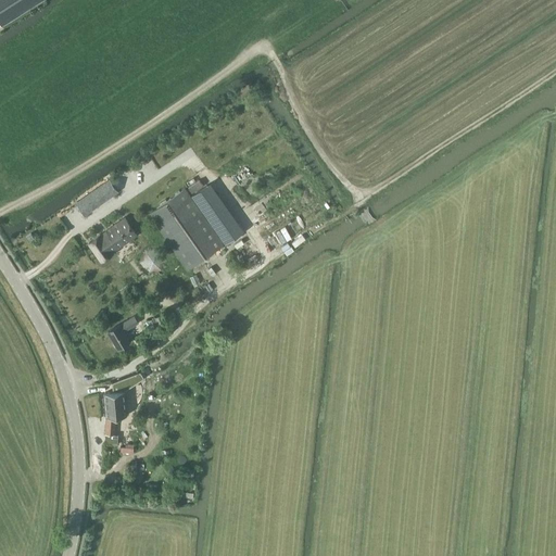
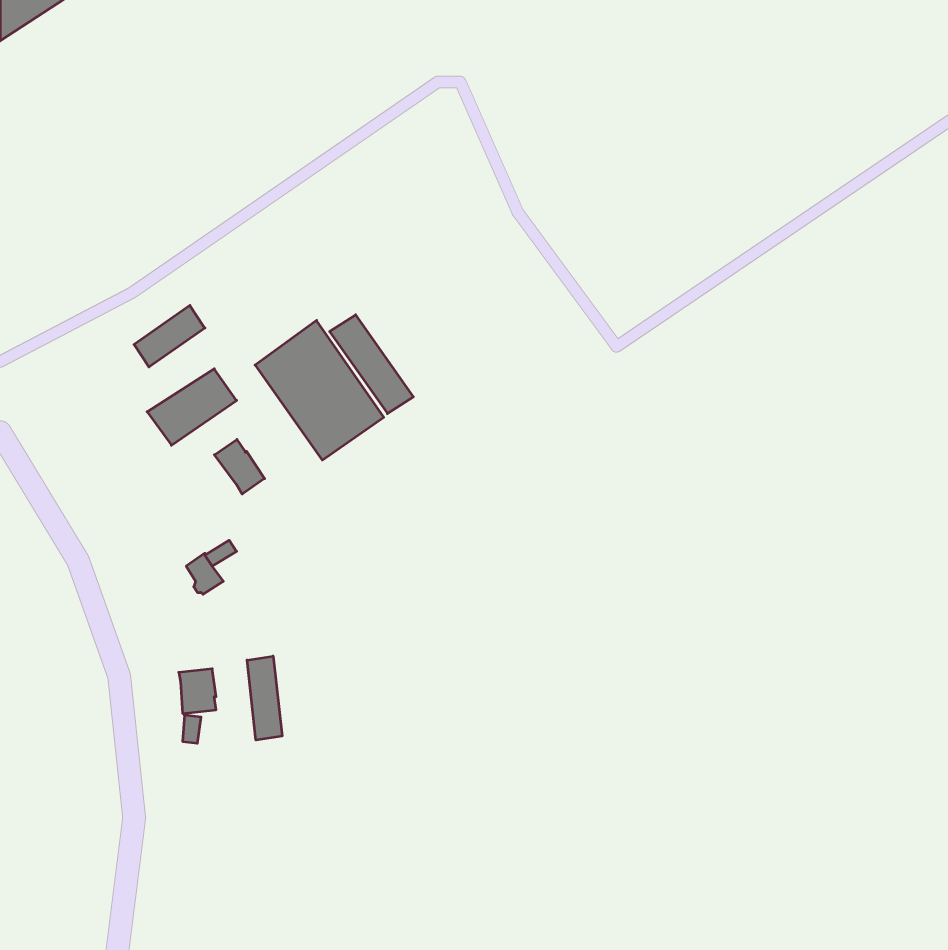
building: none -> [214,439,265,494]
building: none -> [247,656,282,740]

